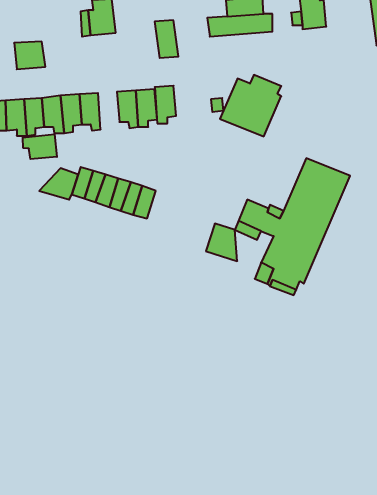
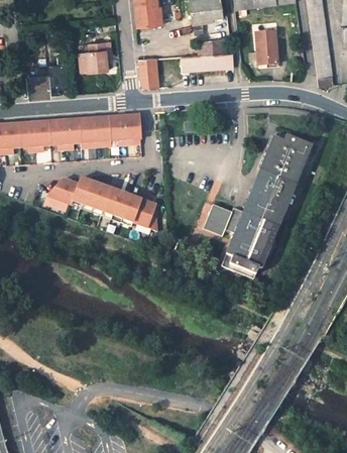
building: [220,75,281,136] -> [261,135,311,185]
building: [155,86,176,123] -> [94,117,111,147]
building: [23,134,57,159] -> none
building: [206,224,237,261] -> [133,197,158,227]

